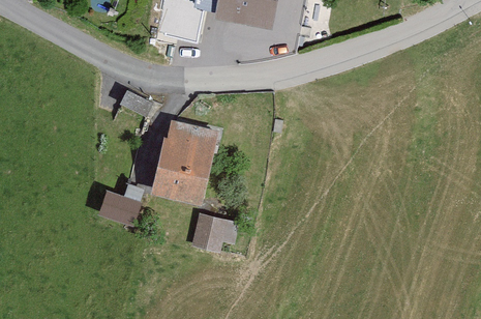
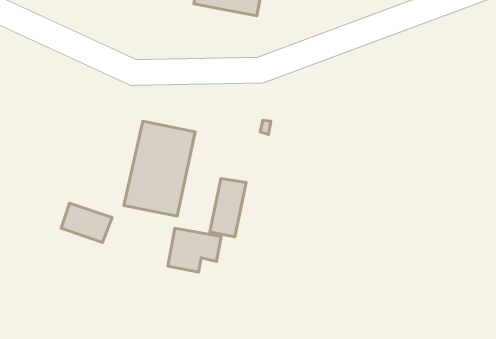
building: none -> [210,178,246,237]

